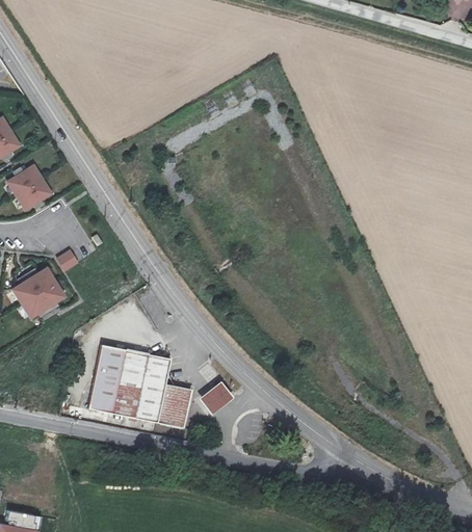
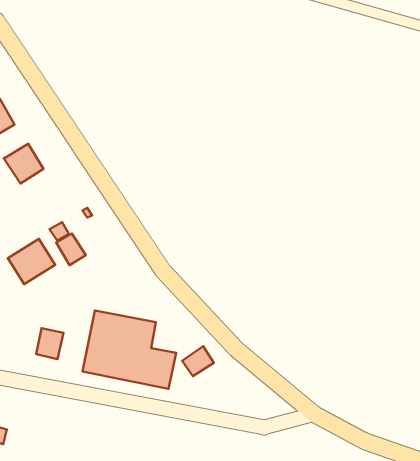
building: none -> [56,233,86,265]
building: none -> [36,328,63,359]

